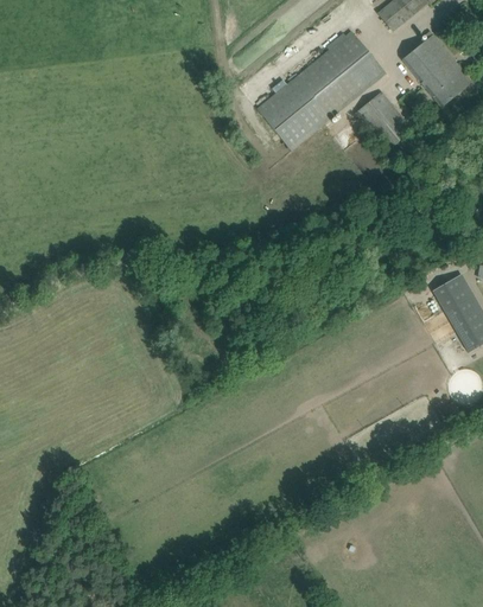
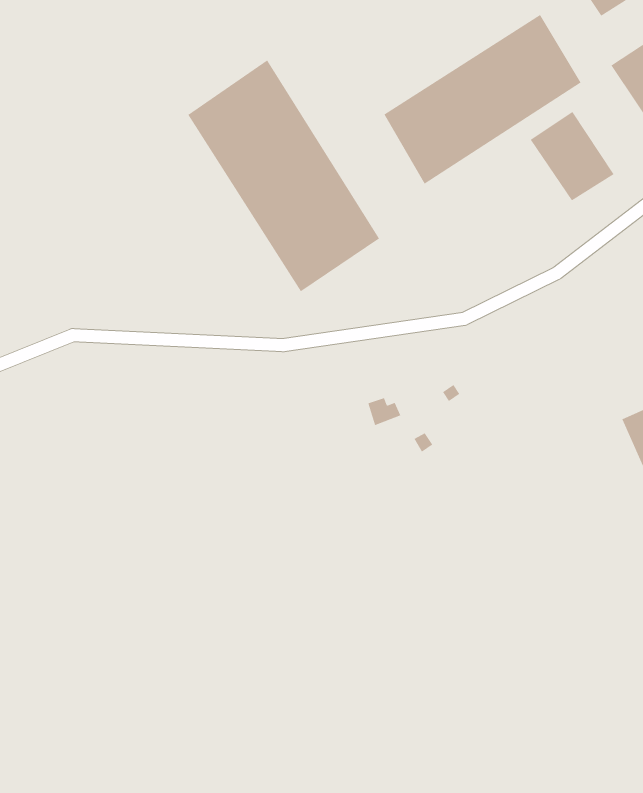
building: none -> [188,59,380,292]

